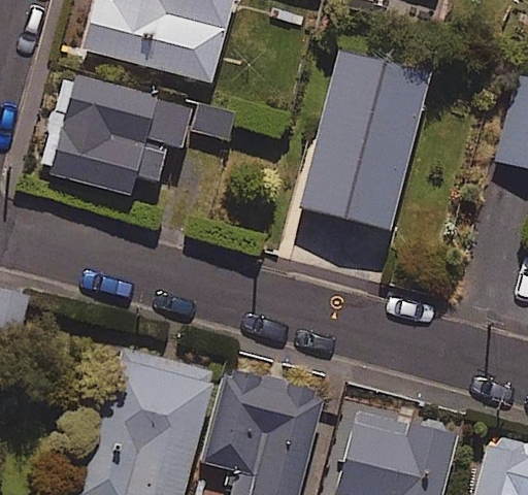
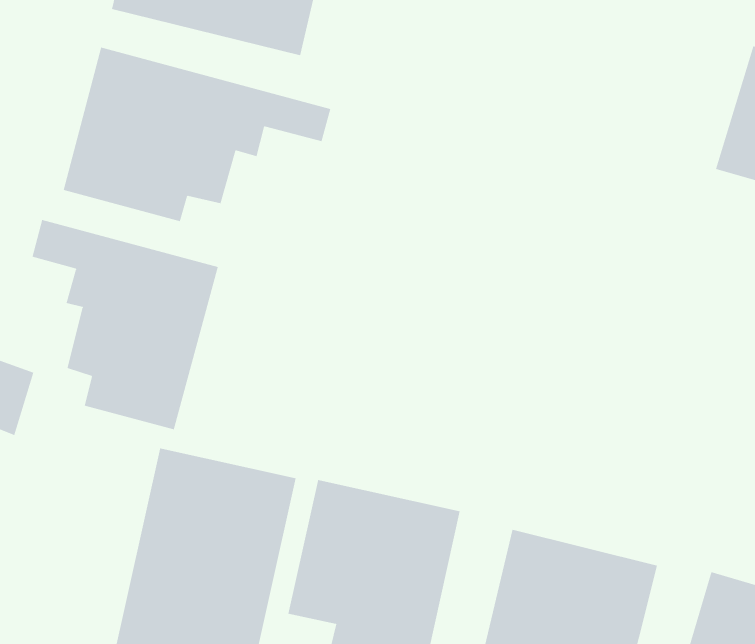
building: [297,48,433,231] -> none
building: none -> [32,219,219,430]

